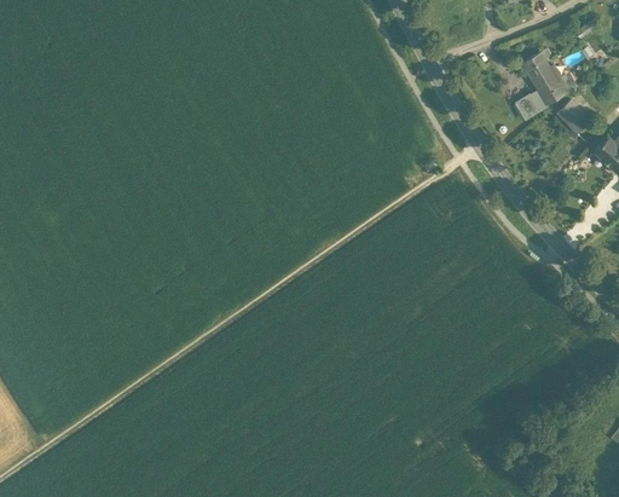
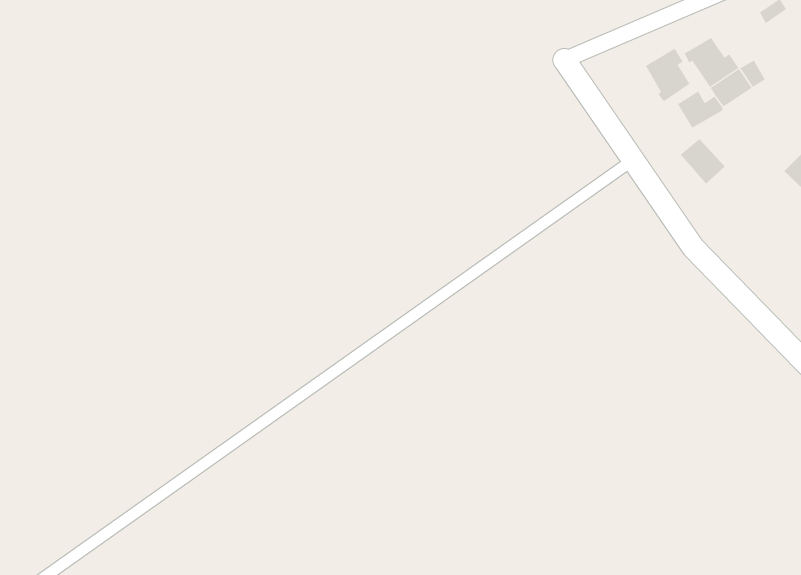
building: none -> [645,48,690,102]
building: [557,98,591,132] -> [680,139,726,184]

